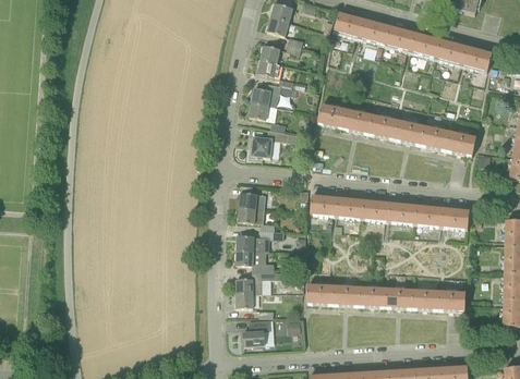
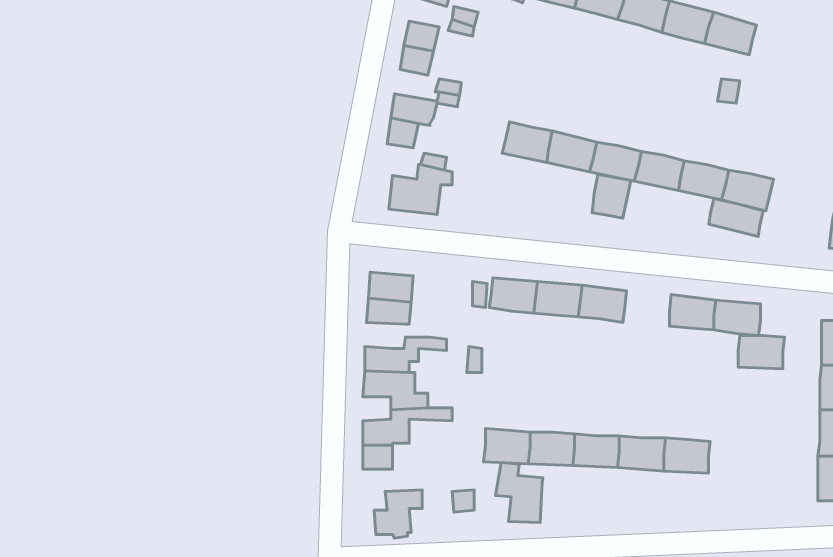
building: [462,47,492,71] -> none
building: none -> [592,175,631,218]
building: none -> [709,199,763,236]
building: [388,203,416,223] -> none
building: [438,291,465,310] -> [738,335,785,369]
building: none -> [495,463,543,522]

